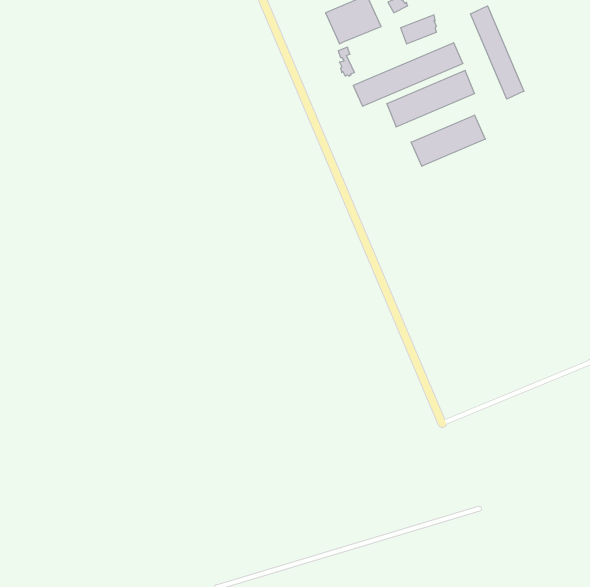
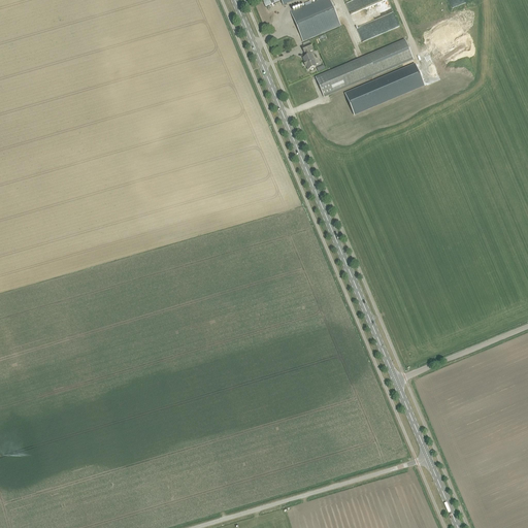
building: [471,6,524,99] -> none
building: [411,115,485,166] -> none

